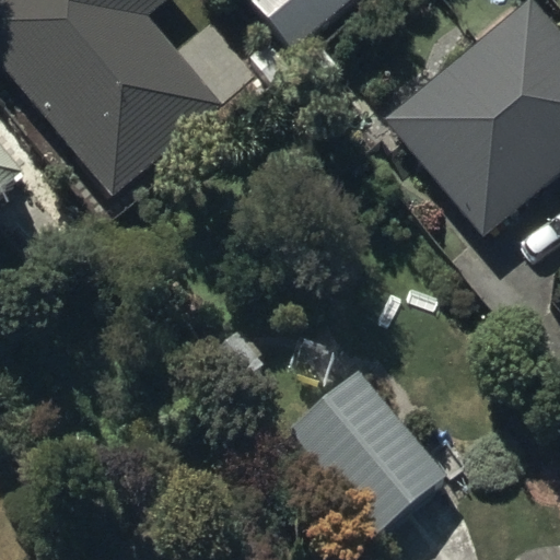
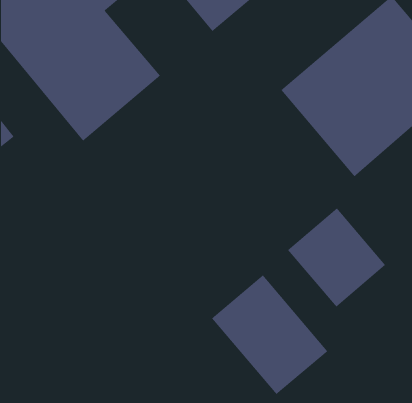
building: none -> [287,207,386,308]

